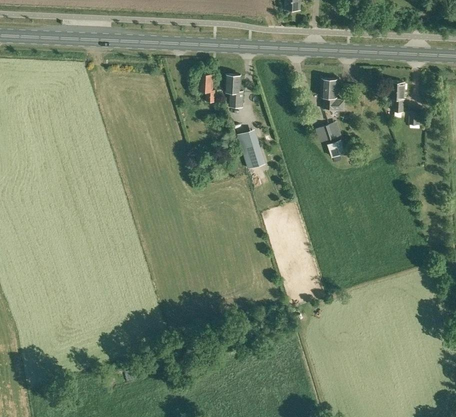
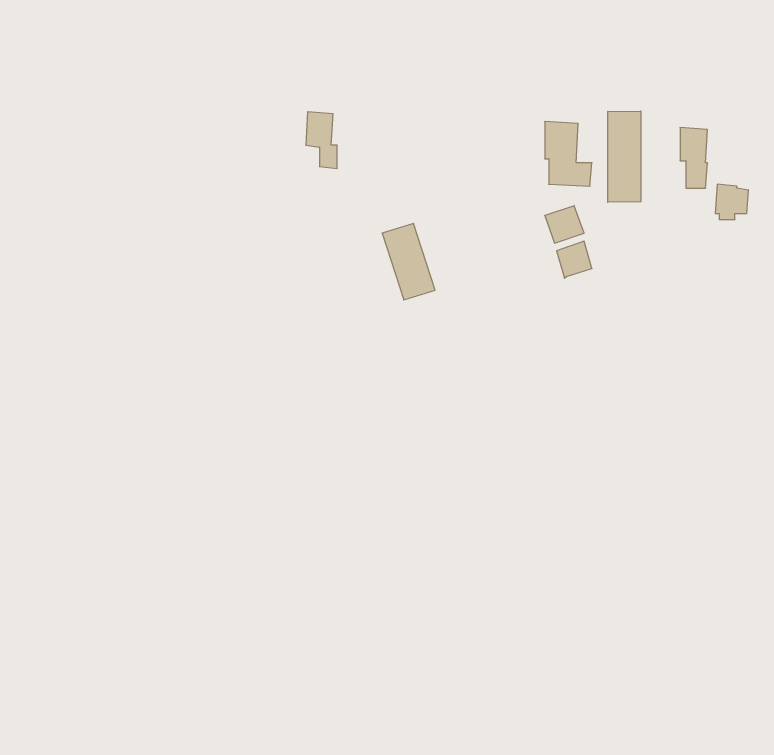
building: none -> [608,111,641,202]
building: [225,74,243,106] -> none

